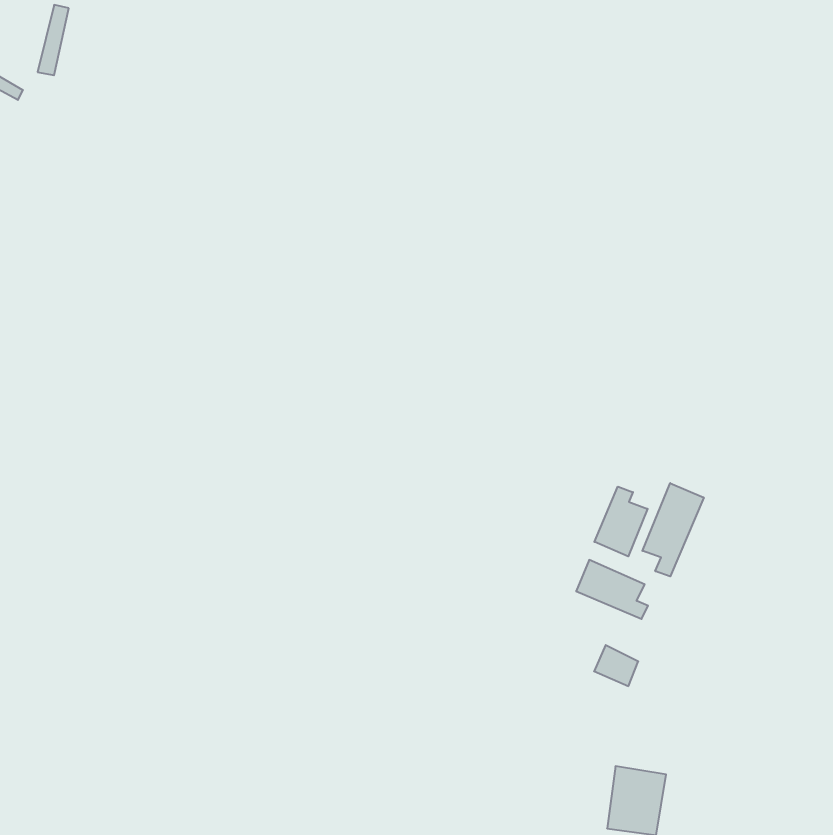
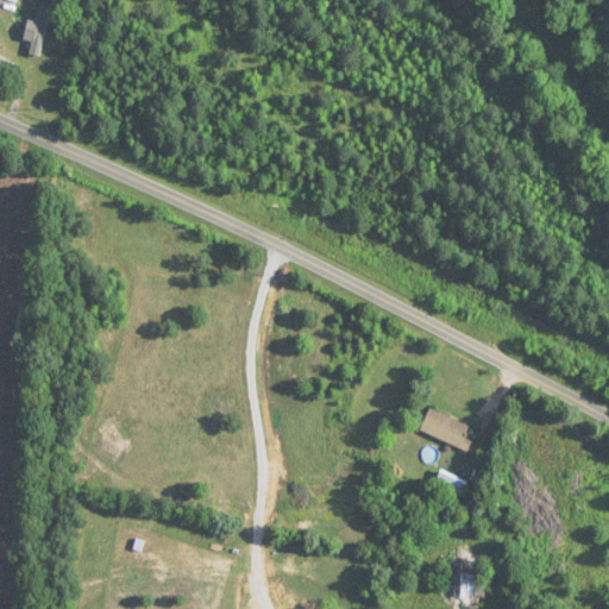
building: [642,483,704,576] -> none
building: [594,487,648,556] -> none

